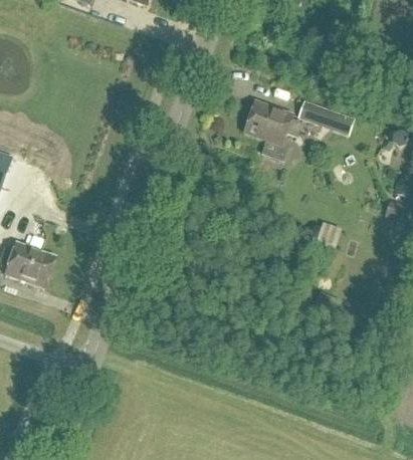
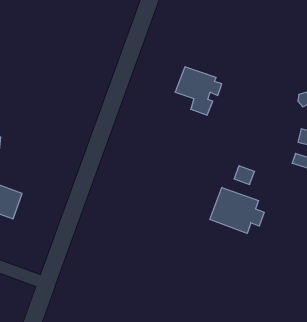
building: [297,99,354,135] -> none
building: none -> [210,187,264,233]

